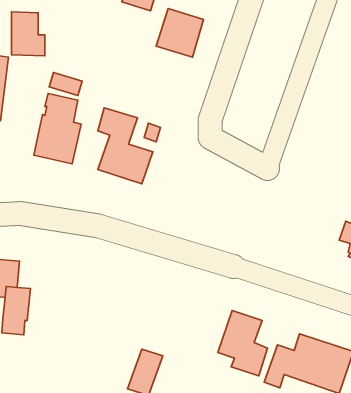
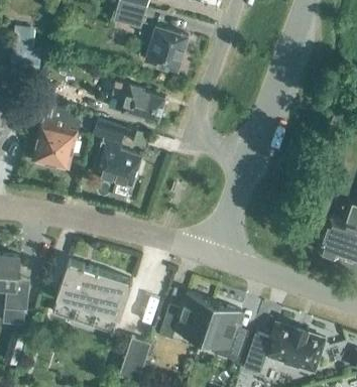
building: none -> [112,82,165,120]
building: none -> [52,259,133,333]
building: none -> [159,292,215,343]

